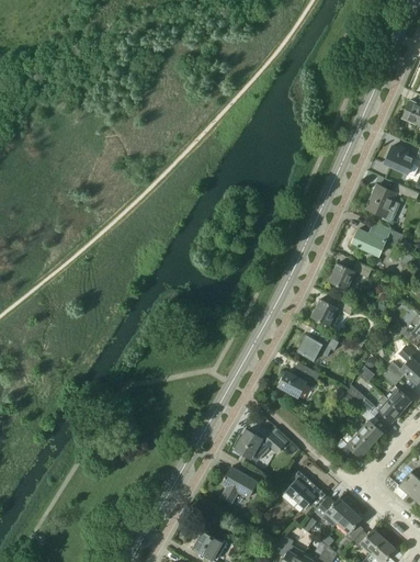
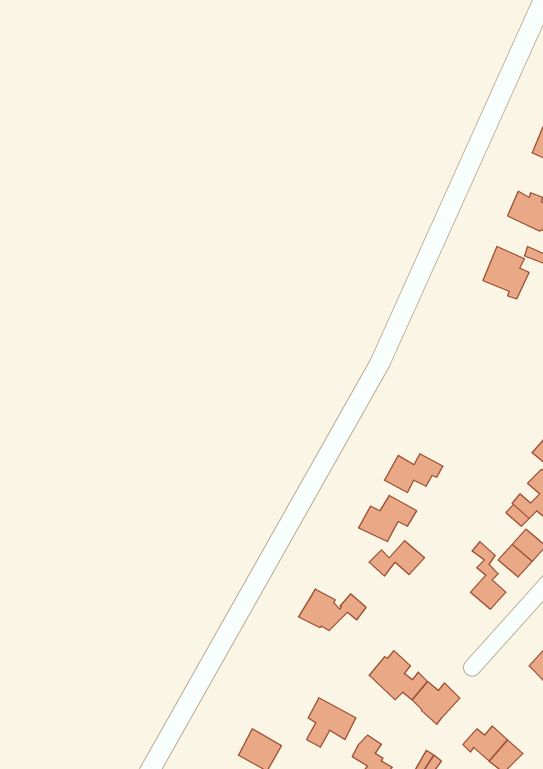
building: [352,223,402,255] -> none
building: [329,262,371,290] -> none
building: [311,300,354,326] -> none
building: [332,432,372,458] -> [369,541,424,576]
building: [222,468,257,503] -> [307,698,356,747]
building: [337,508,364,541] -> none

